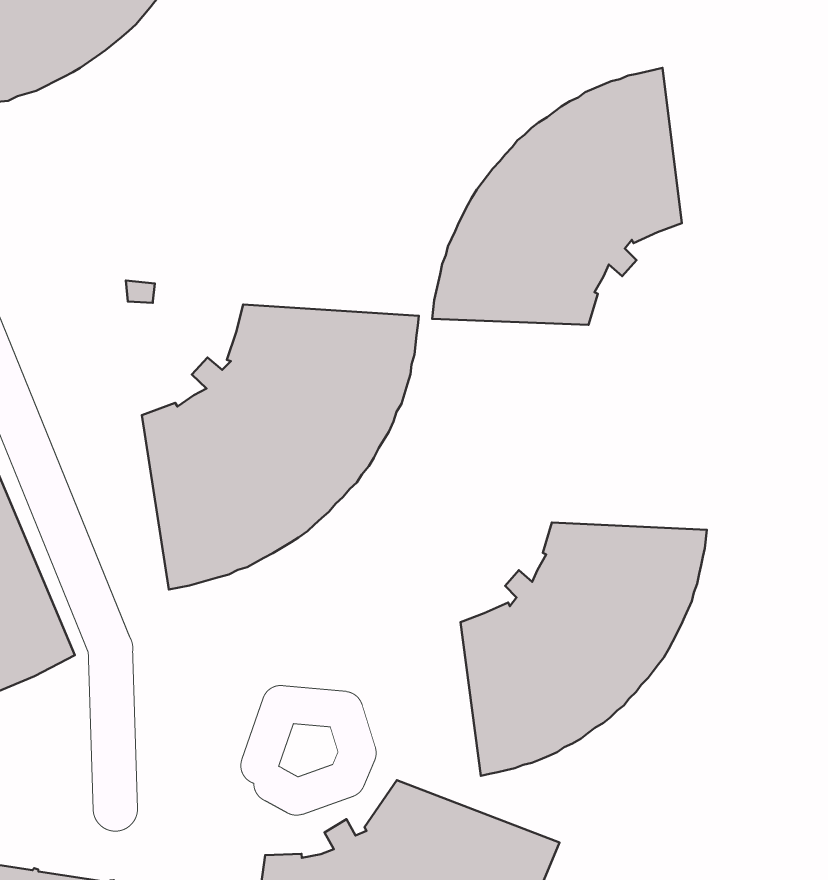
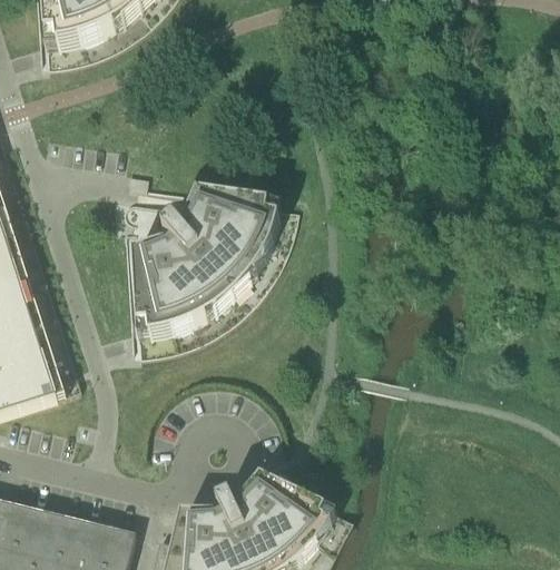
building: [432,68,682,325] -> none
building: [461,522,707,776] -> none

